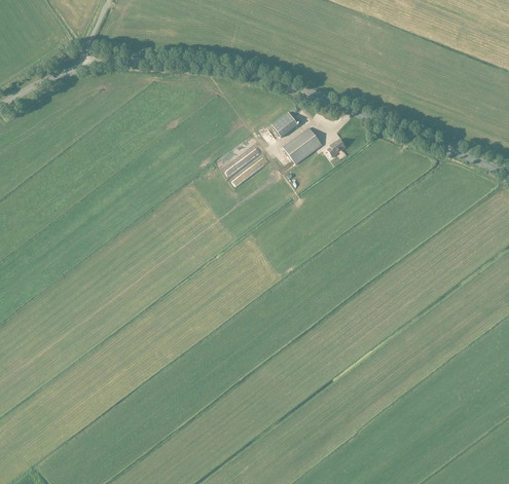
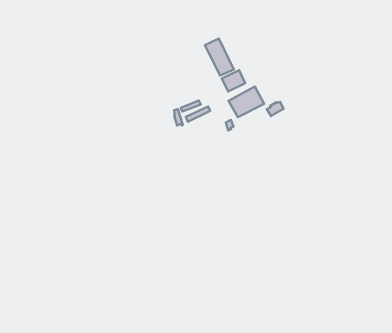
building: none -> [205,39,234,76]

